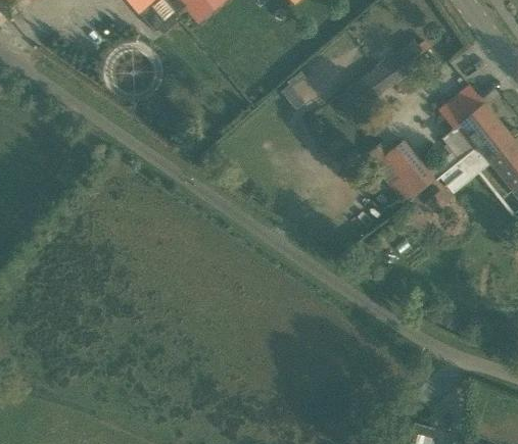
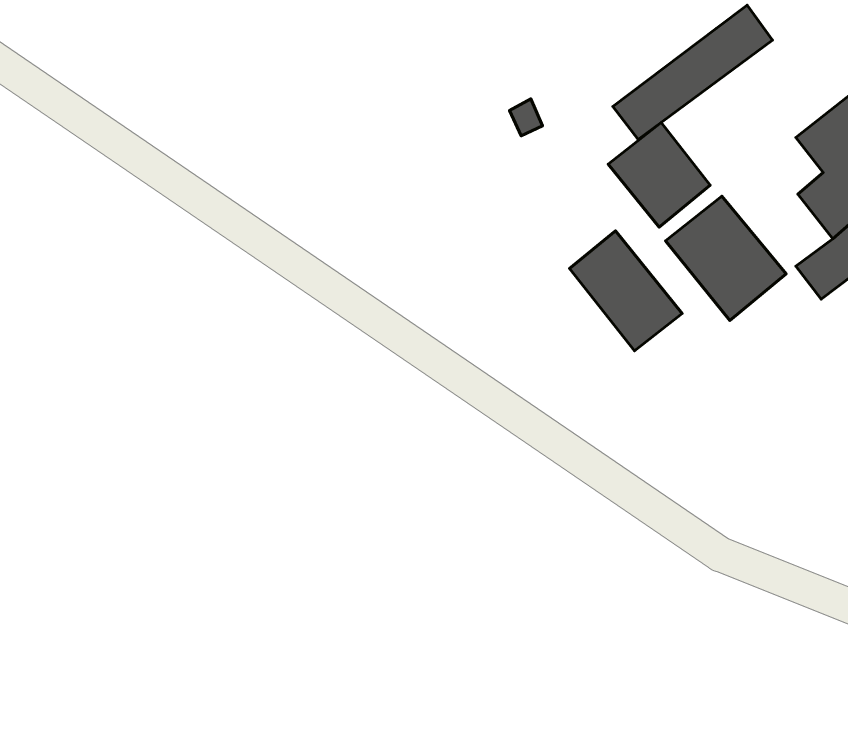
building: none -> [608,122,710,227]
building: none -> [570,231,682,351]

